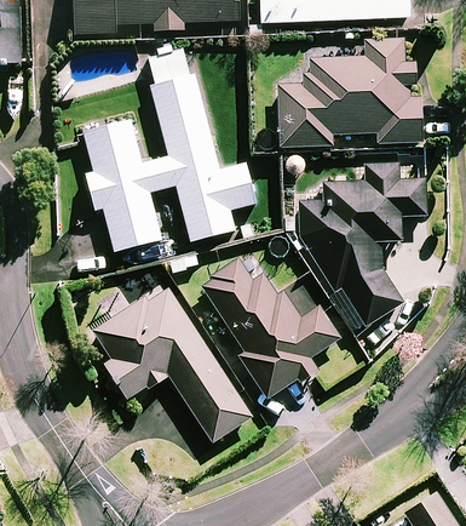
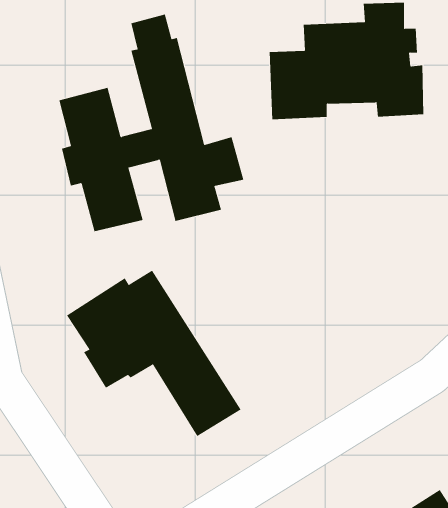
building: [295,161,426,330] -> none
building: [200,257,338,396] -> none

